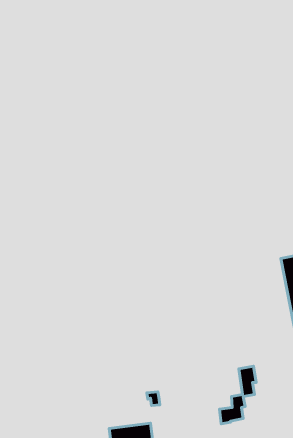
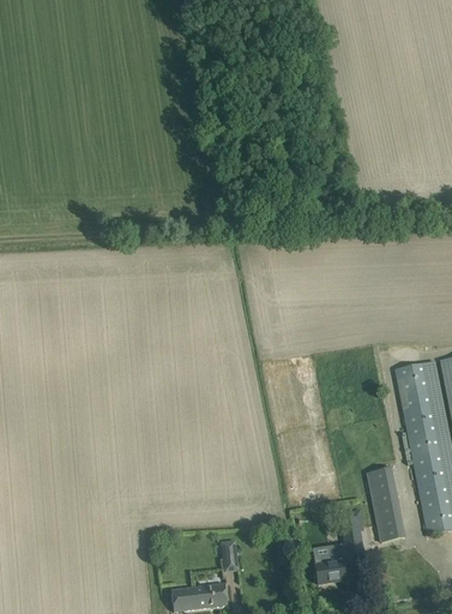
building: none -> [366,465,403,541]

